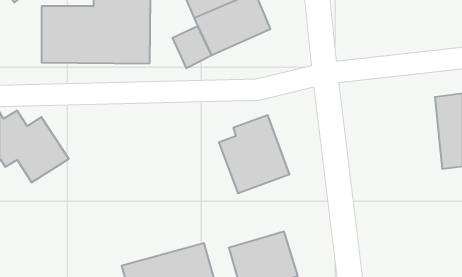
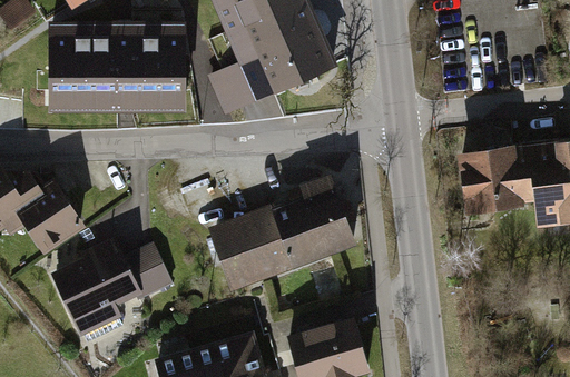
building: none -> [464,148,541,220]
building: none -> [203,204,293,290]
building: none -> [49,238,177,340]

